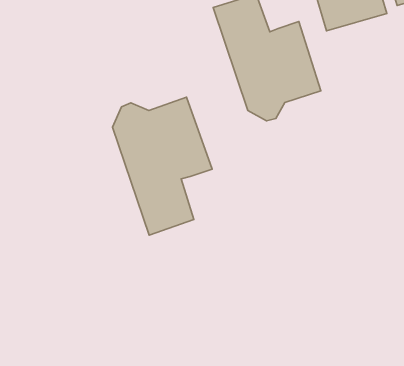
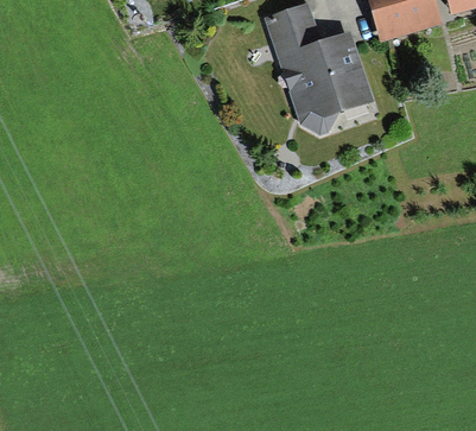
building: [113,97,212,235] -> none

